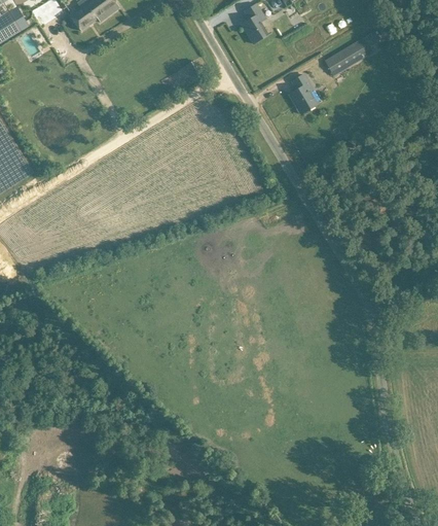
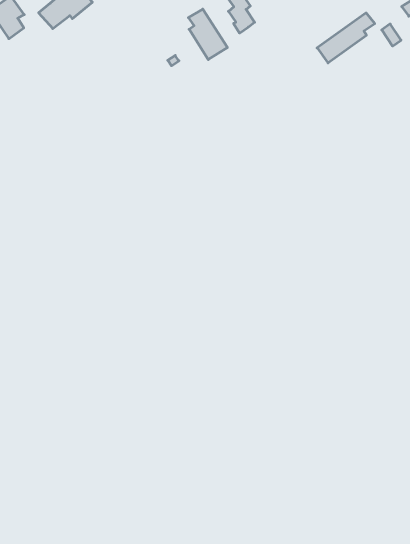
building: none -> [188,9,227,60]
building: [292,74,316,113] -> none

